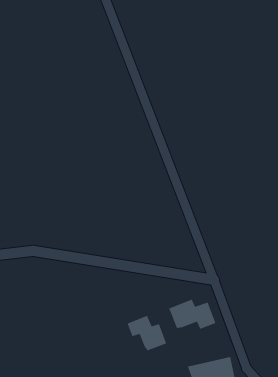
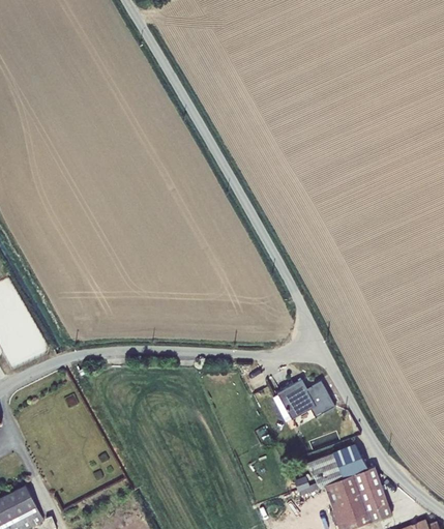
building: [126,315,167,352] -> none

